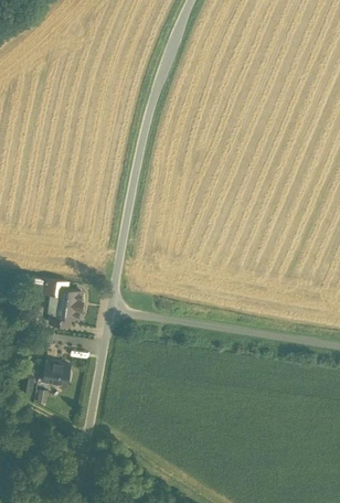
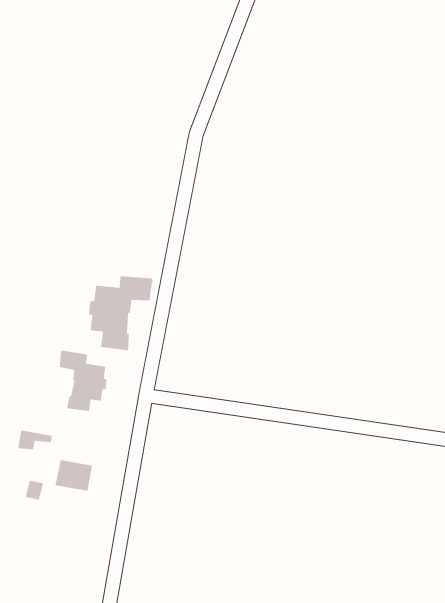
building: none -> [88,275,153,351]

